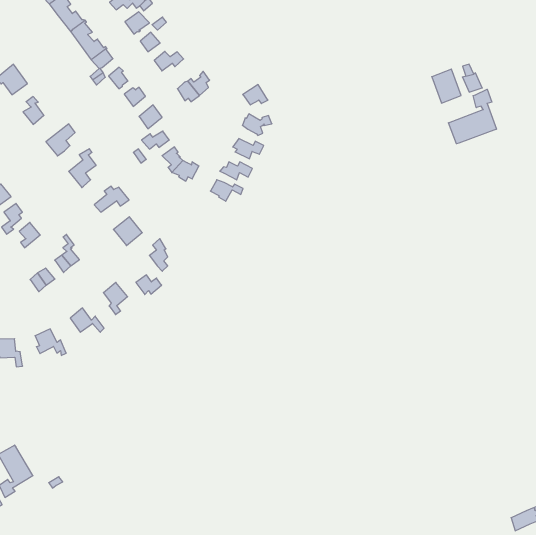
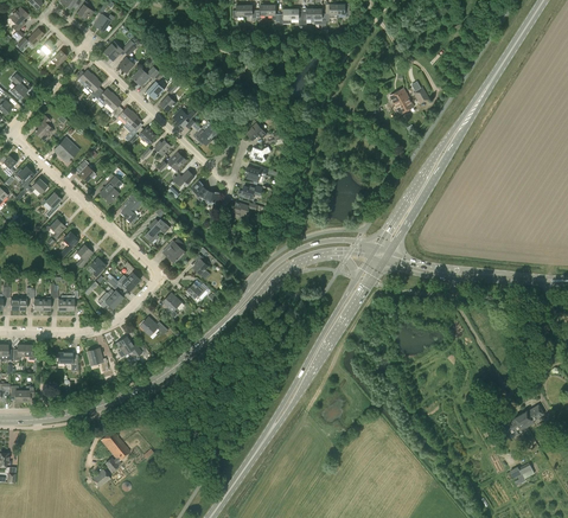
building: [448,89,496,144] -> none

